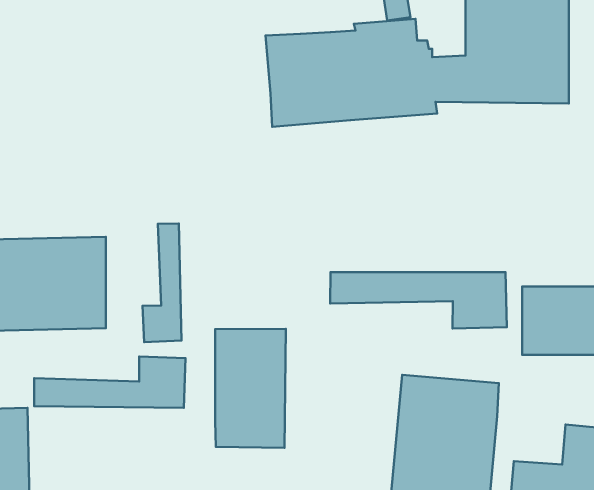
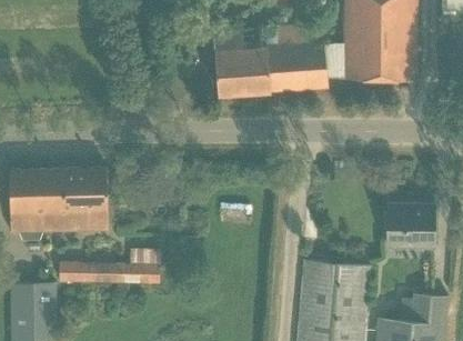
building: [142,223,182,342] -> none
building: [330,272,507,329] -> none
building: [215,329,286,448] -> none

